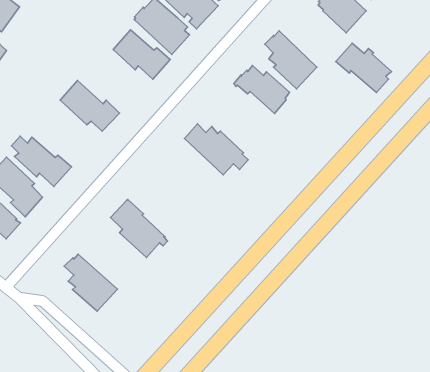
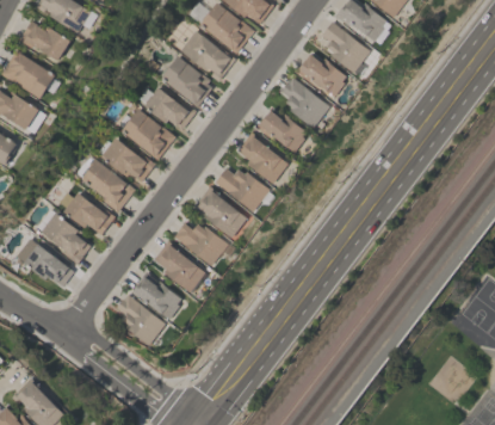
building: [336,43,392,93] -> [296,54,347,97]
building: none -> [117,109,174,160]
building: none -> [236,131,287,184]
building: none -> [80,159,134,213]
building: none -> [192,186,247,239]
building: none -> [173,222,228,266]
building: none -> [132,272,181,320]

